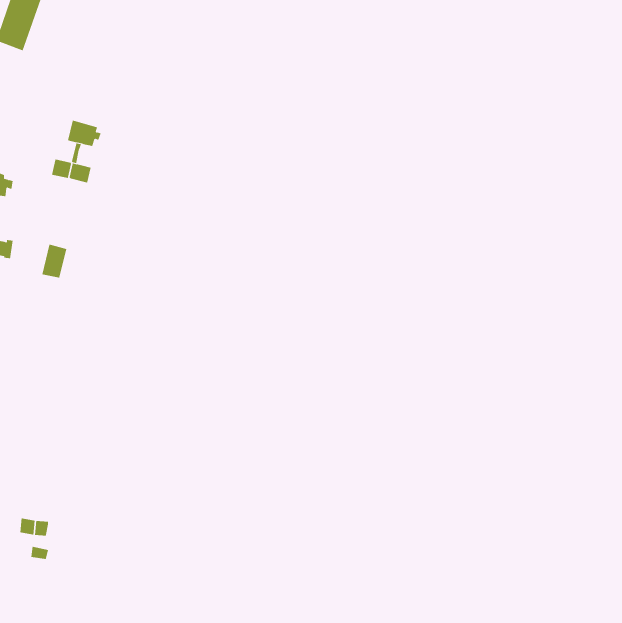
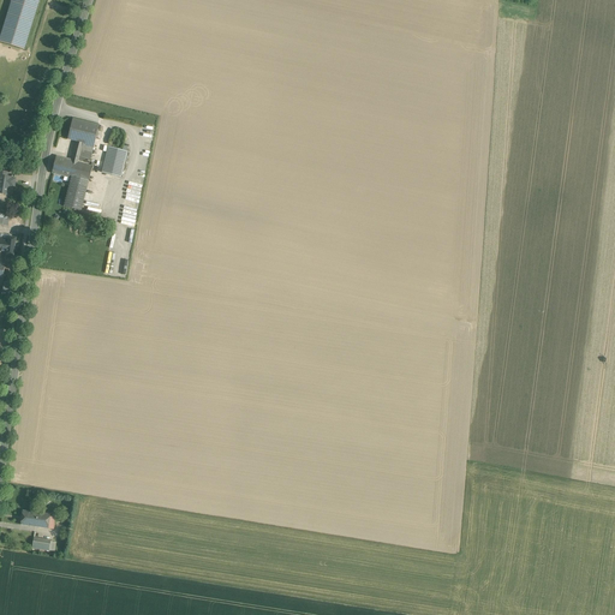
building: none -> [101,145,126,175]
building: [41,244,67,278] -> [61,175,86,209]

